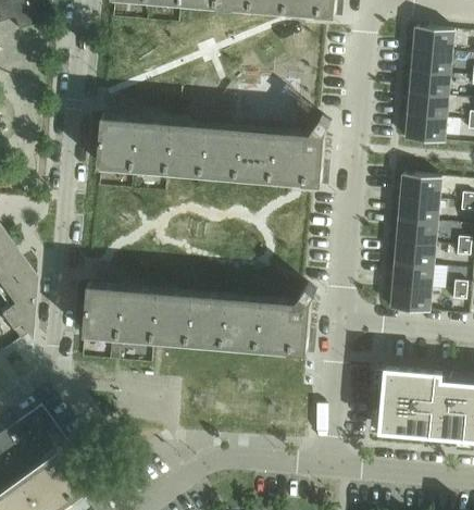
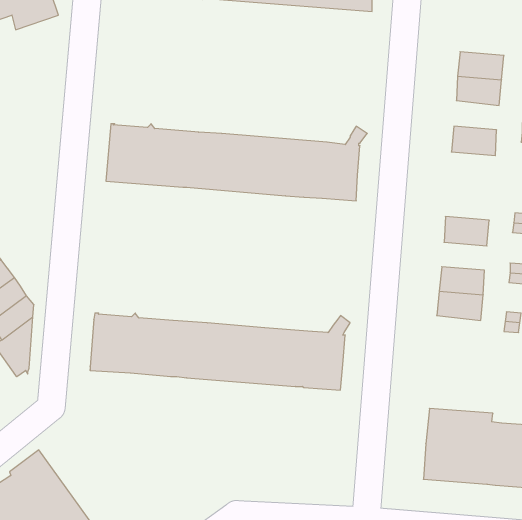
building: [412,29,453,57] -> none
building: [407,97,447,123] -> none
building: [399,177,440,203] -> none
building: [396,223,436,248] -> none
building: [389,288,431,315] -> none

